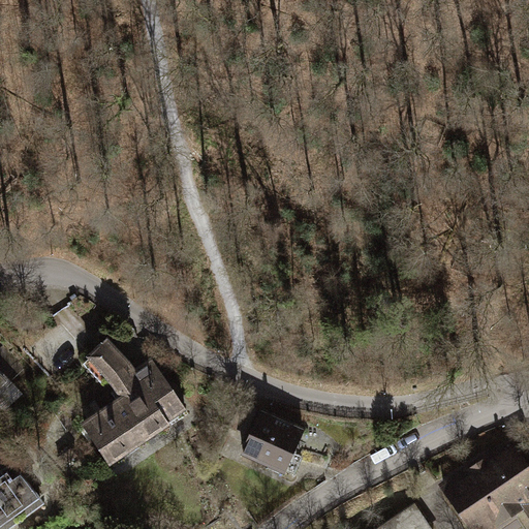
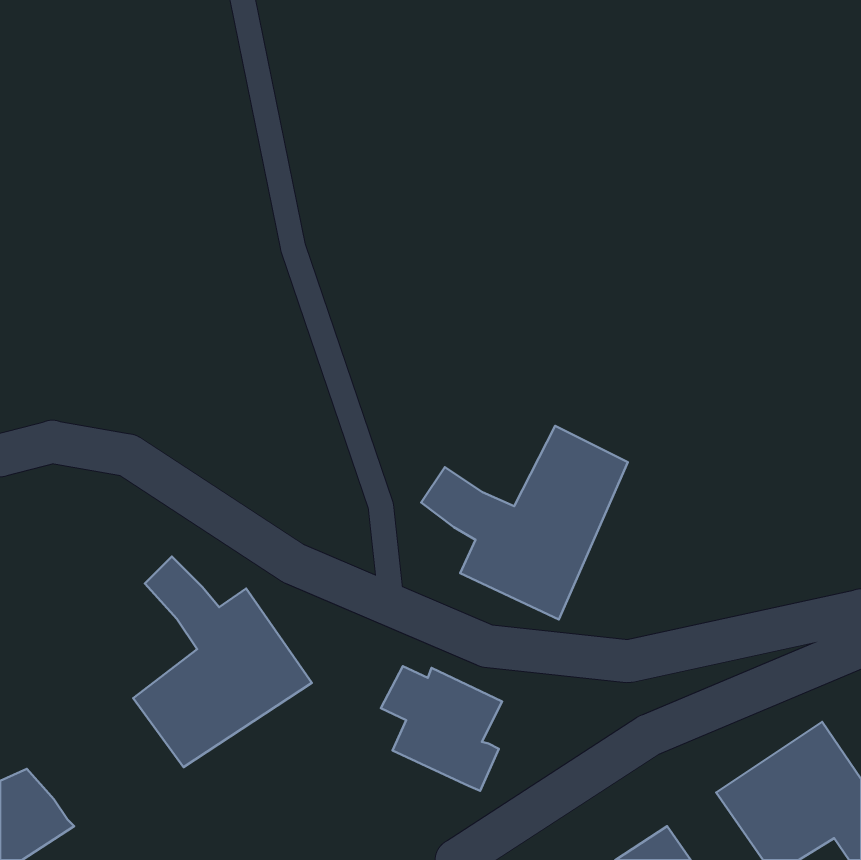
building: none -> [421,426,628,619]

